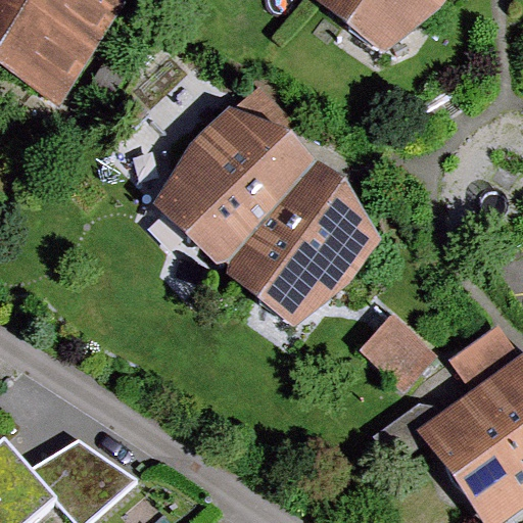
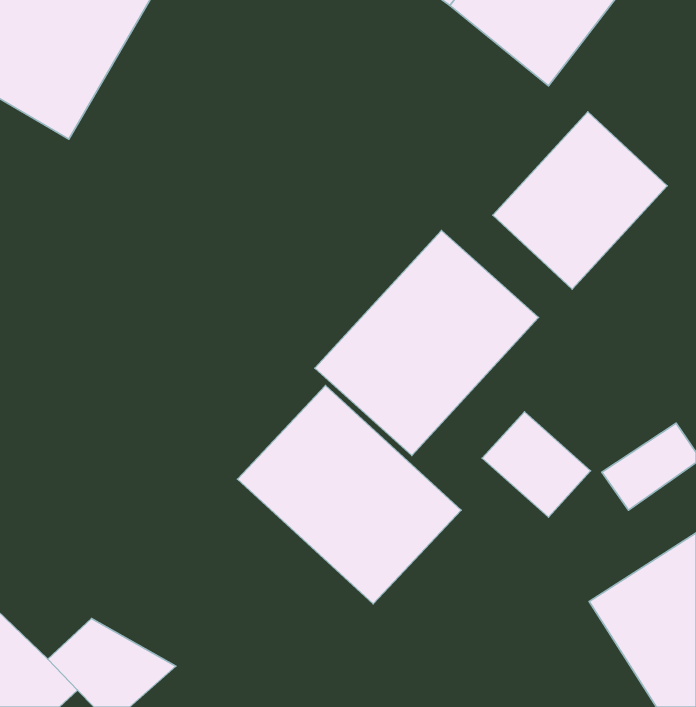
building: none -> [493,112,667,289]
building: [152,99,321,268] -> none
building: none -> [238,386,461,604]

